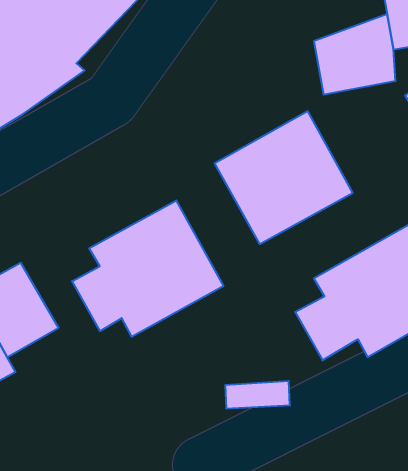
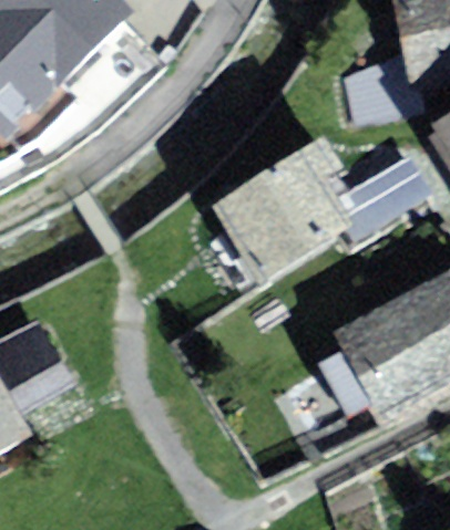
building: [72,200,223,337] -> none

